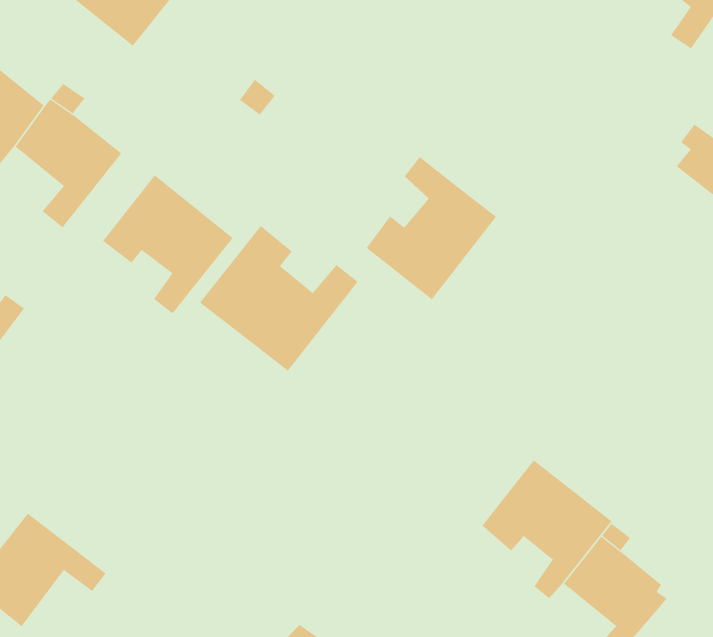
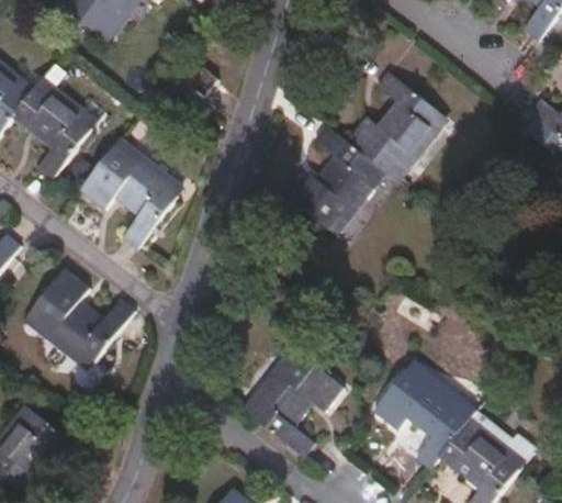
building: none -> [348,71,448,182]
building: [199,225,358,372] -> none
building: none -> [22,265,134,370]
building: none -> [241,349,344,460]

